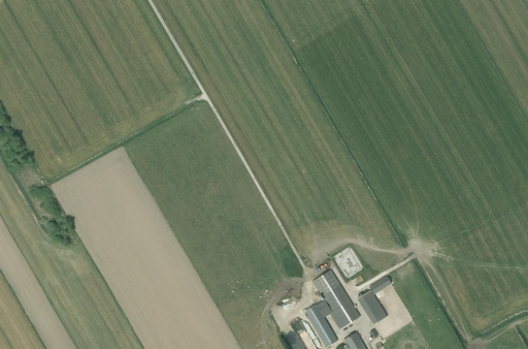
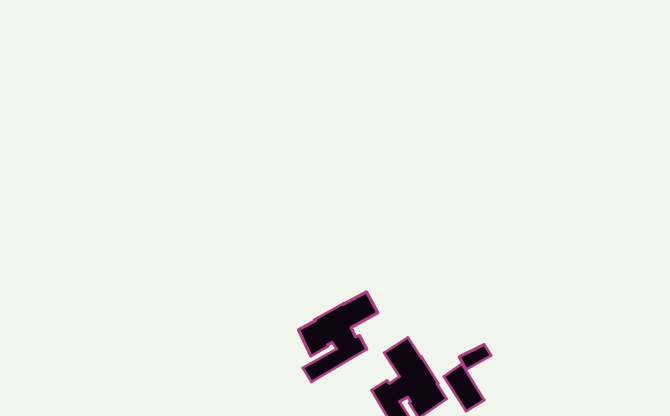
building: none -> [298,292,378,382]

